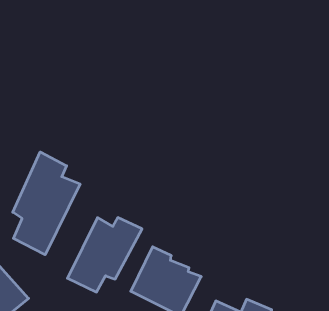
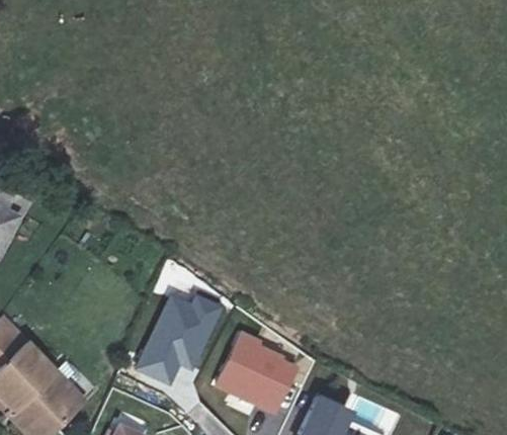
building: [13,152,80,255] -> none

